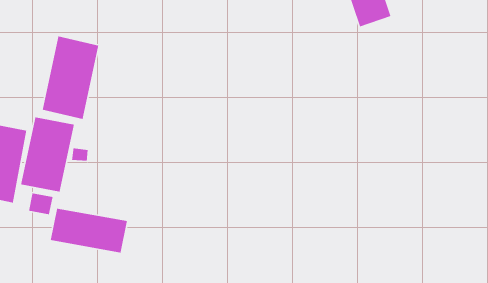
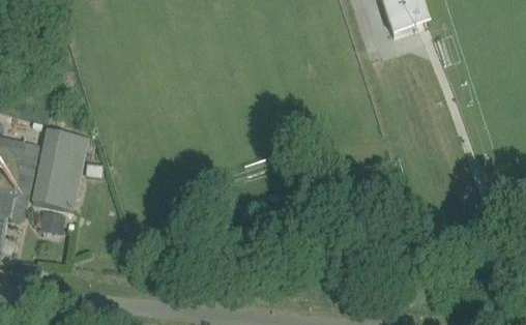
building: [42,35,99,120] -> none
building: [50,208,128,253] -> none

